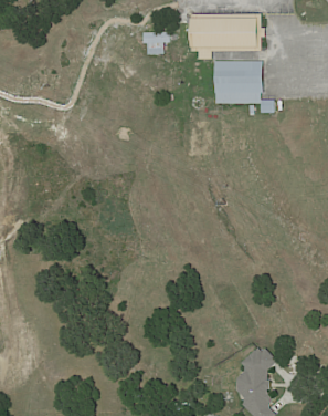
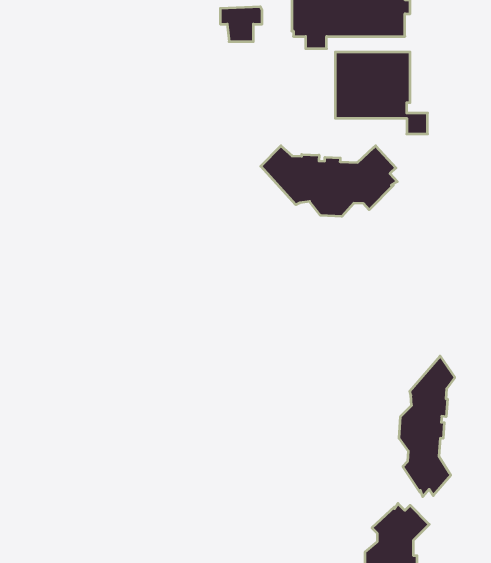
building: none -> [261,146,397,216]
building: none -> [399,356,455,497]

